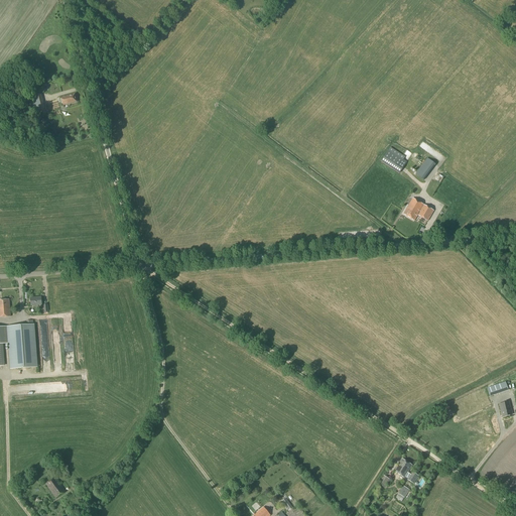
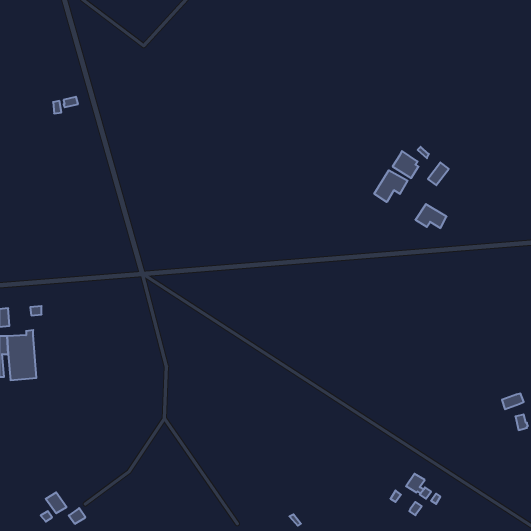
building: none -> [374,170,408,202]

